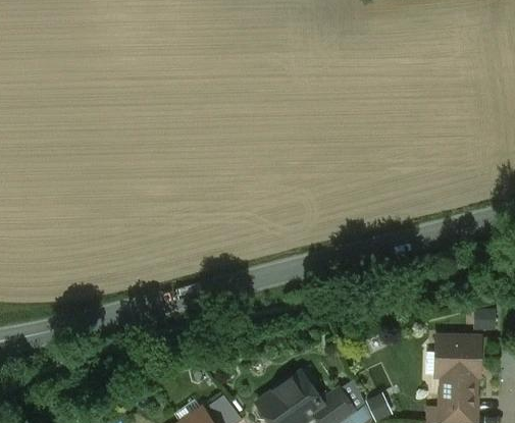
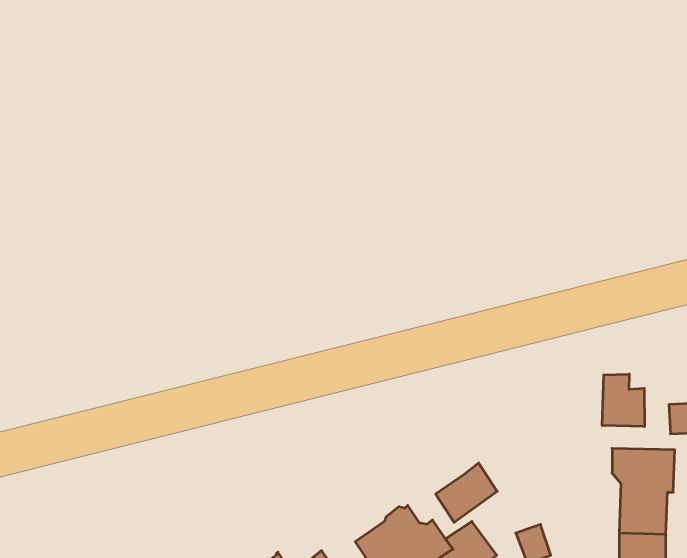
building: none -> [602,374,644,427]
building: none -> [436,463,497,522]

